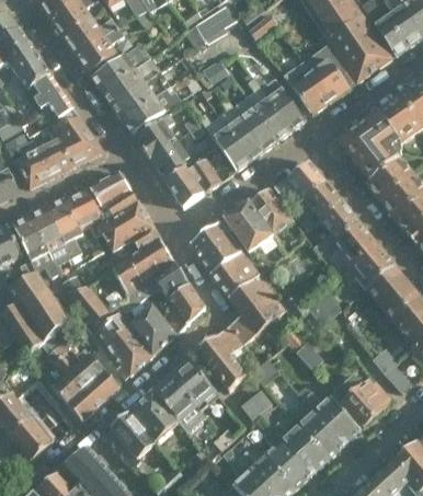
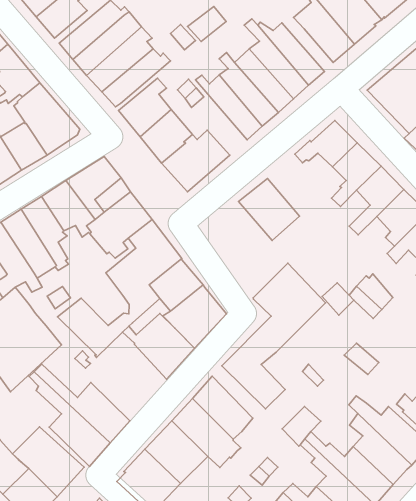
building: [249,188,293,235] -> none
building: [190,222,259,298] -> none
building: [96,315,151,376] -> none

